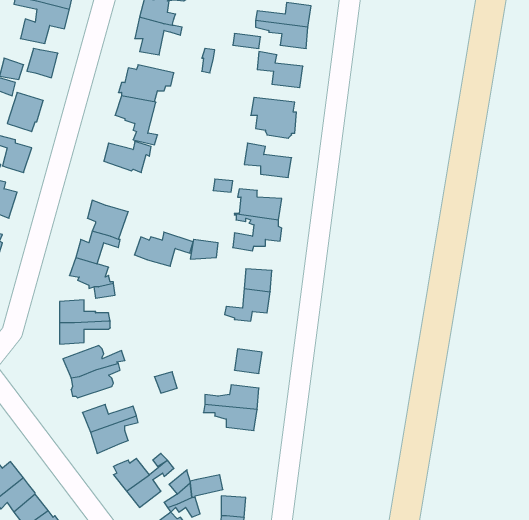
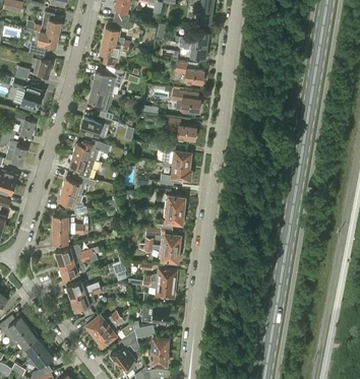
building: [134,232,193,266] -> [73,140,110,162]
building: none -> [146,228,181,249]
building: none -> [143,308,171,324]

